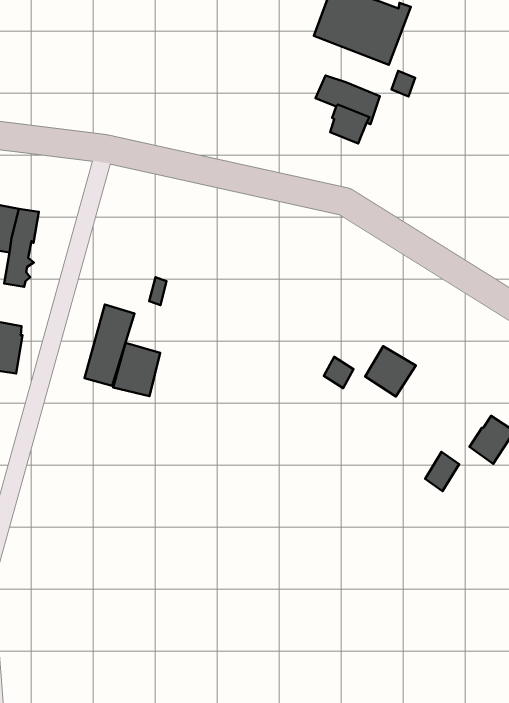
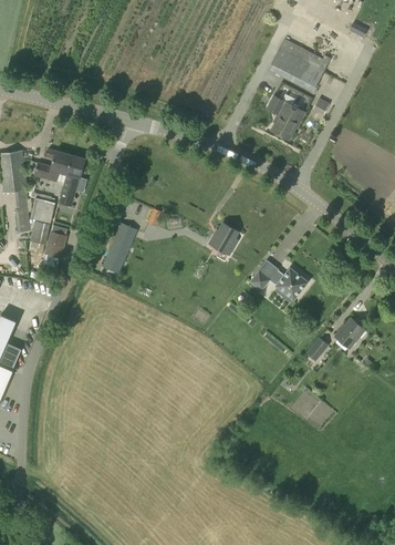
building: none -> [209,223,237,254]
building: [113,343,160,396] -> none

